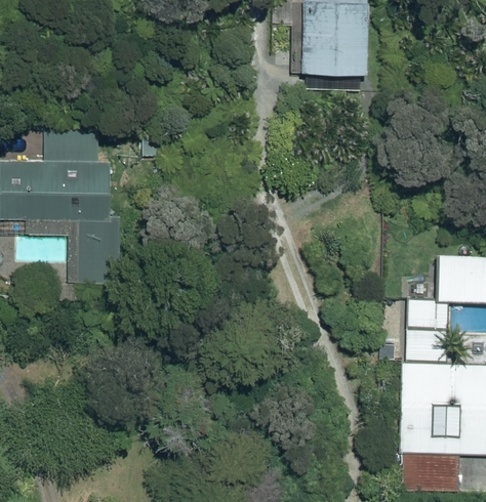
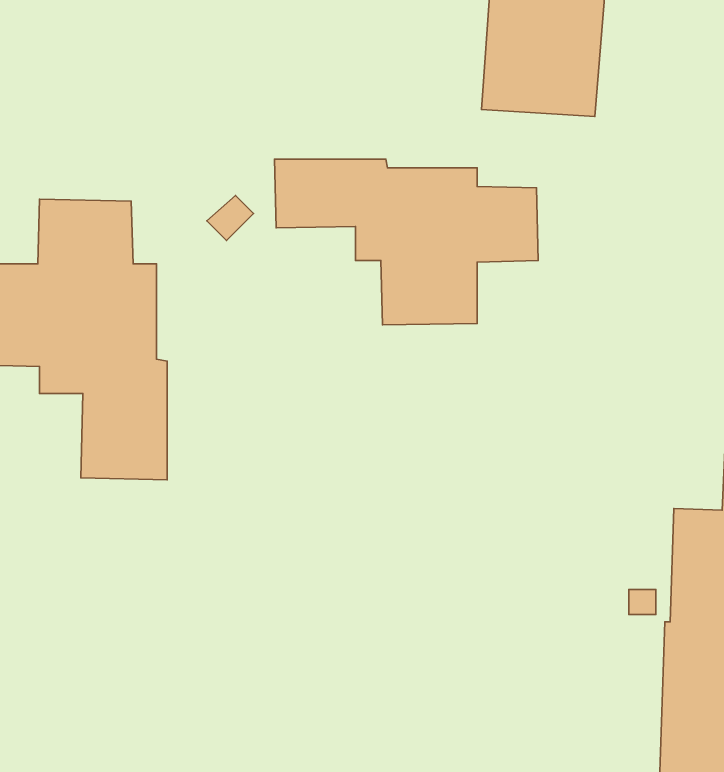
building: none -> [274,159,538,325]

